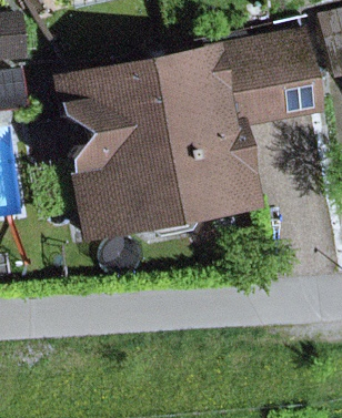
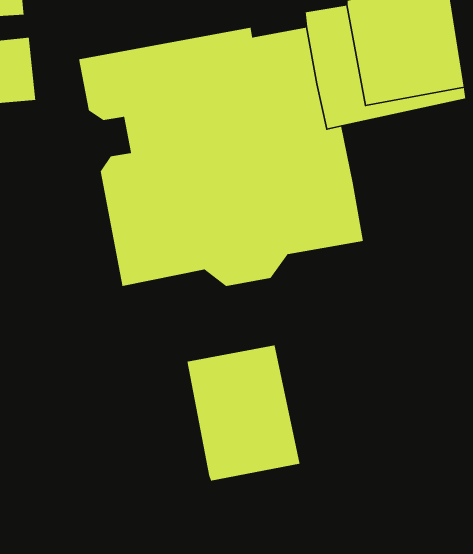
building: none -> [187,345,301,481]

